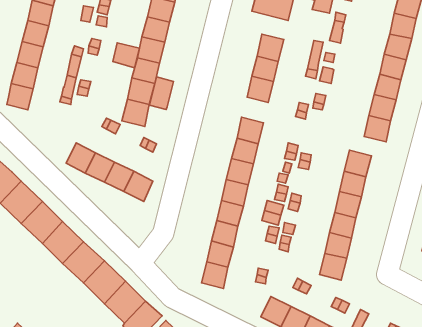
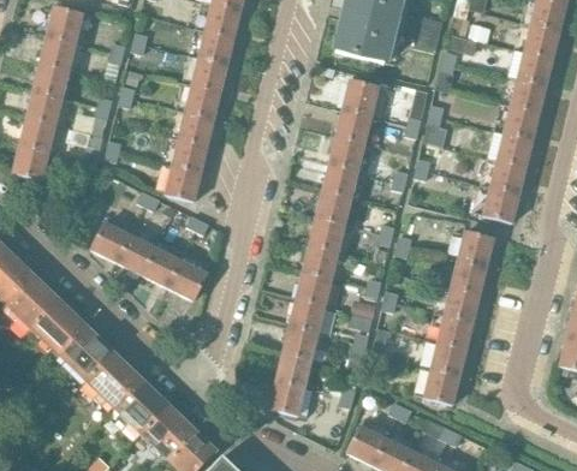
building: [113,43,140,68] -> none
building: [150,77,173,109] -> none
building: none -> [322,162,357,196]

